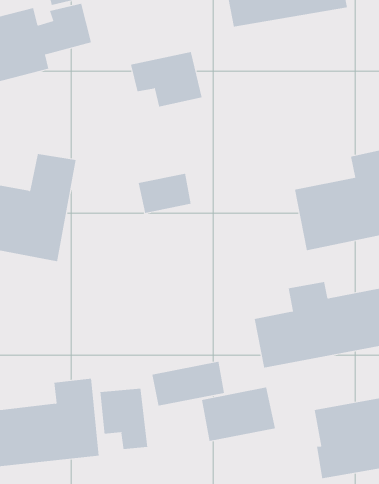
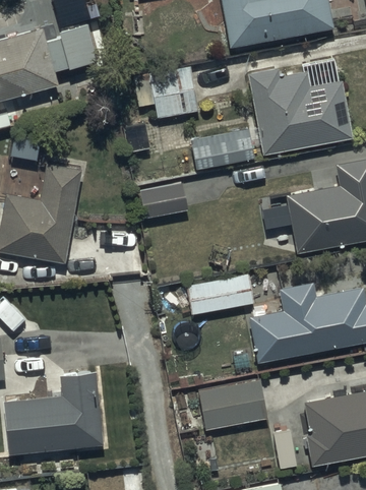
building: none -> [247,59,352,157]
building: none -> [191,128,255,169]
building: [151,361,225,406] -> [186,273,254,315]
building: [100,388,148,450] -> none

